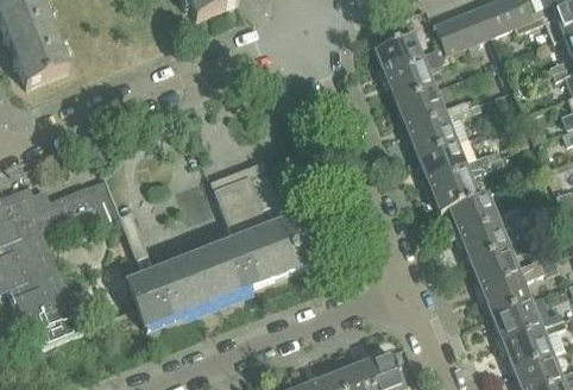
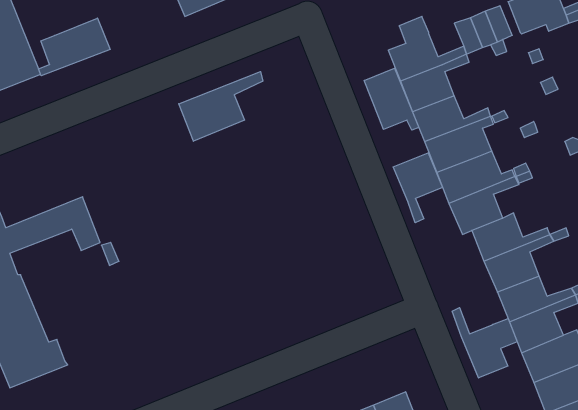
building: none -> [39,18,110,76]
building: none -> [364,68,419,130]
building: none -> [179,72,263,141]
building: none -> [393,153,443,223]
building: [126,168,313,328] -> none
building: none -> [452,308,517,378]

